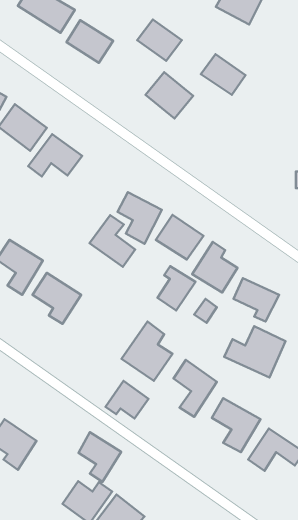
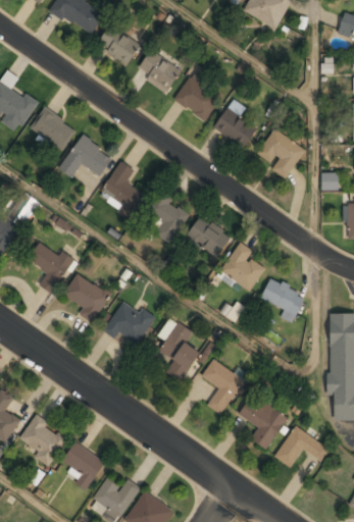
building: [137,20,182,61] -> [138,51,182,92]
building: [201,54,245,95] -> [214,108,258,148]
building: none -> [258,129,306,179]
building: [90,215,135,267] -> [102,162,147,213]
building: [158,266,195,311] -> none
building: none -> [106,300,154,348]
building: [224,326,286,377] -> none
building: [105,381,149,419] -> none
building: [79,432,121,482] -> [63,442,105,491]

